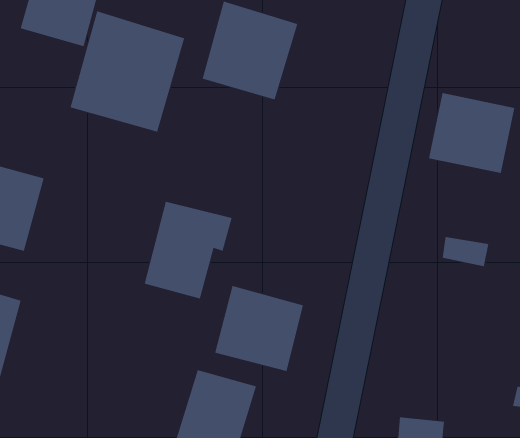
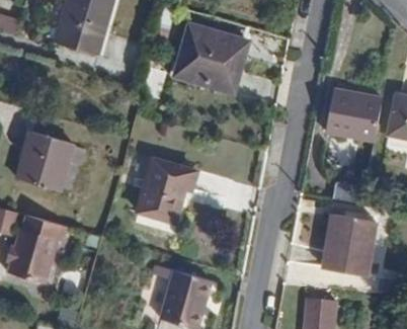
building: [70,10,185,133] -> none
building: none -> [324,212,376,273]
building: [214,285,304,372] -> none

